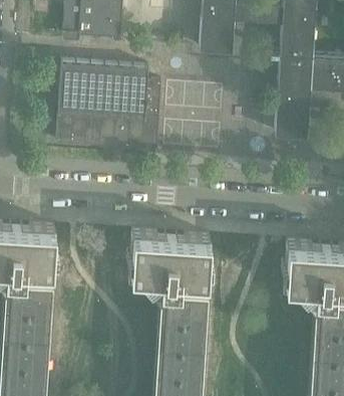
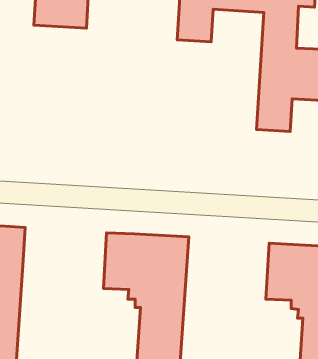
building: [57,63,162,152] -> none

